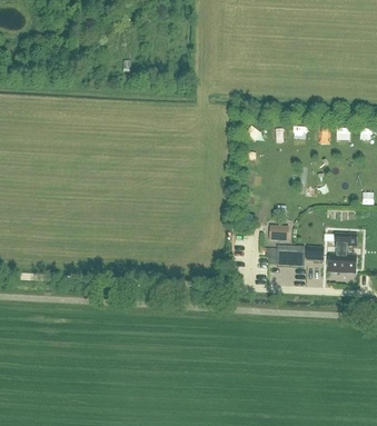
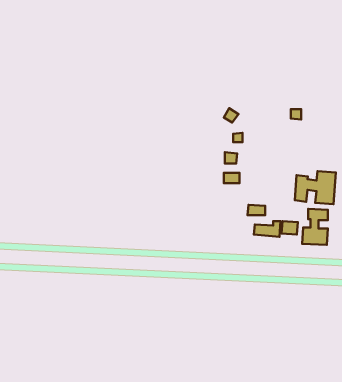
building: none -> [295,171,336,204]

